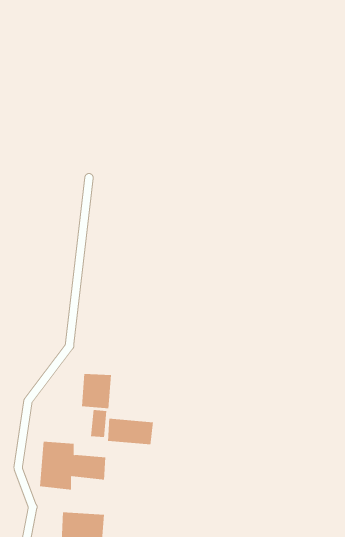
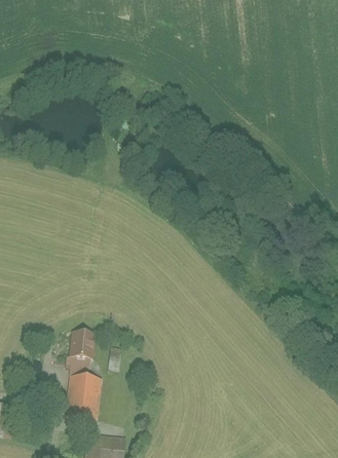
building: [81,374,112,409] -> [69,332,95,361]
building: [108,418,153,445] -> none

